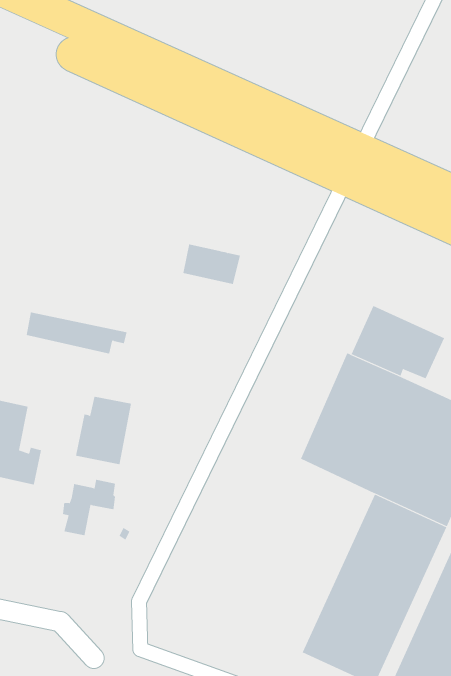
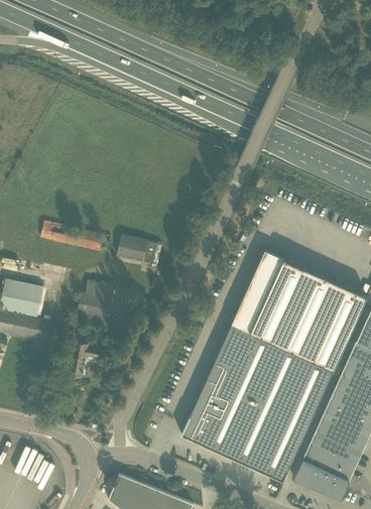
building: [183,244,241,285] -> [118,237,158,265]
building: [351,305,445,379] -> none
building: none -> [182,325,283,459]

